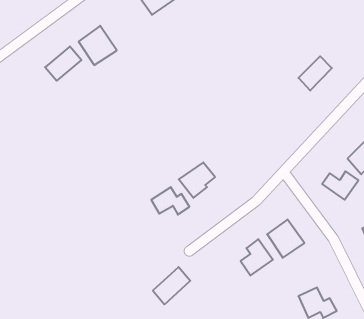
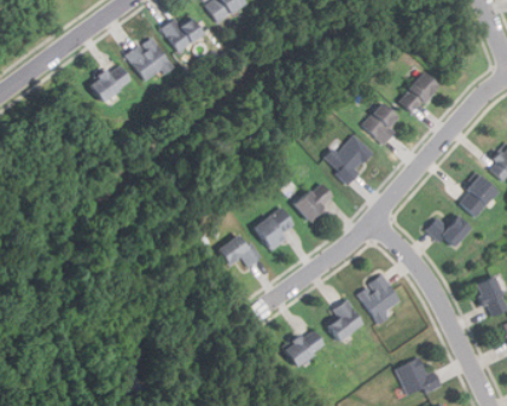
building: none -> [170,17,211,53]
building: none -> [361,101,402,143]
building: none -> [327,133,374,181]
building: none -> [292,180,334,220]
building: [153,267,190,304] -> [279,324,325,370]

